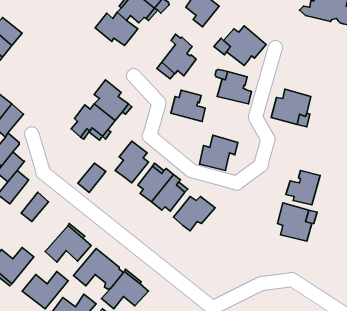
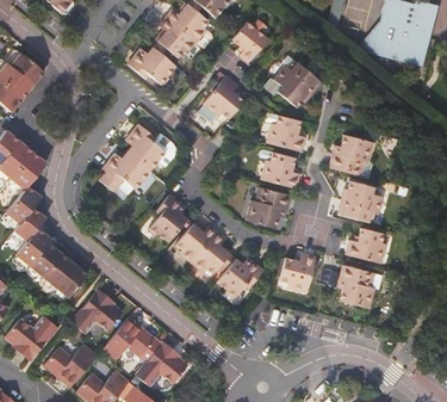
building: [171,90,205,122] -> [261,153,300,188]
building: none -> [337,181,384,223]
building: [78,163,106,192] -> [55,264,87,297]
building: none -> [30,242,62,277]
building: none -> [279,252,317,292]

